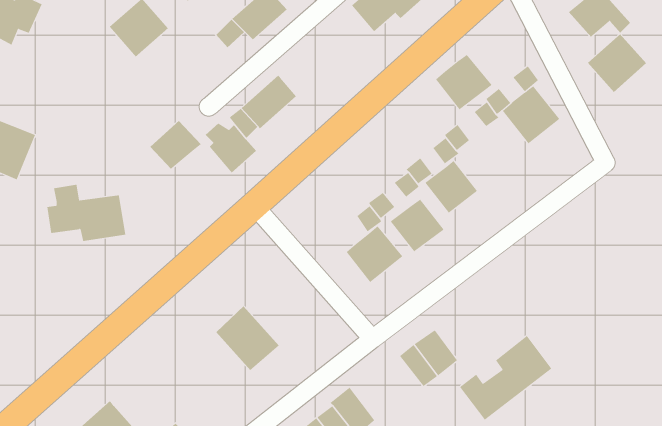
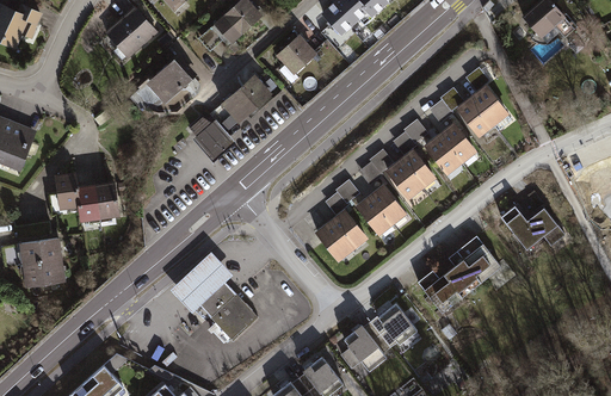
building: none -> [277,35,317,75]
building: [587,33,647,93] -> none
building: [435,54,493,110] -> [425,124,476,174]
building: [149,120,201,170] -> [147,60,193,104]
building: none -> [504,203,564,247]
building: none -> [20,236,68,285]
building: none -> [169,250,233,313]
building: [459,335,552,420] -> [418,234,501,310]
building: none -> [344,324,387,371]

